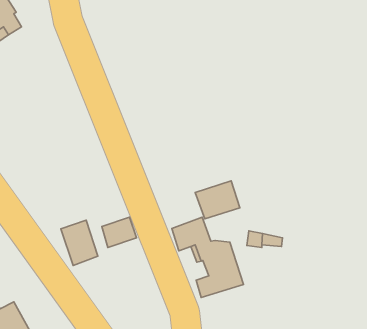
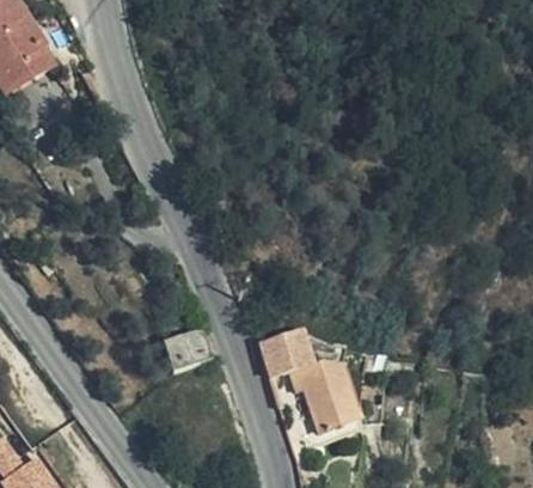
building: [195,181,240,219] -> none
building: [61,220,98,265] -> none

